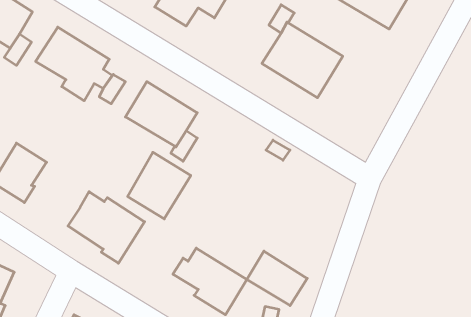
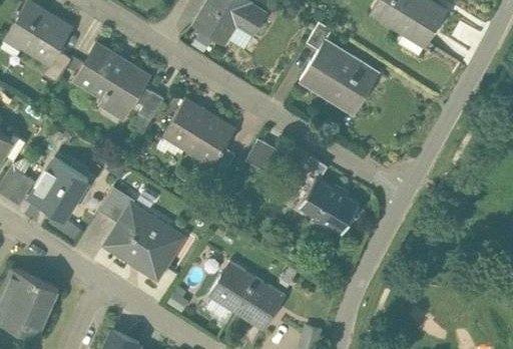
building: none -> [246,140,277,171]
building: [128,152,191,219] -> none
building: none -> [98,188,135,225]
building: [247,251,307,306] -> [299,179,359,233]

